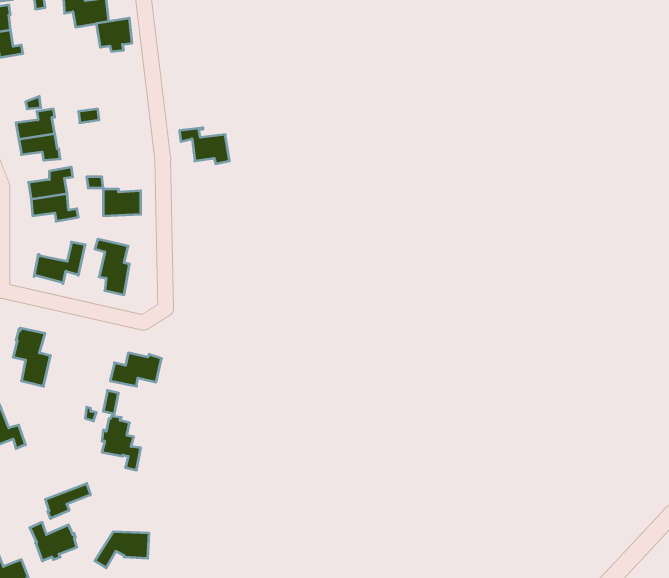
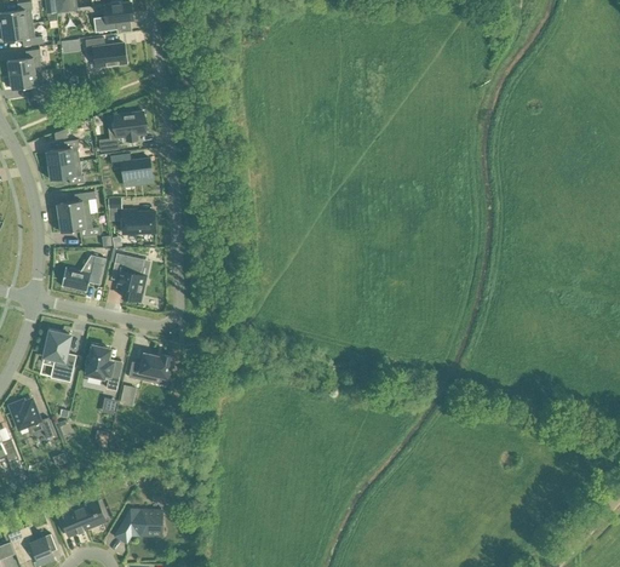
building: [96,18,132,51] -> [113,111,144,141]
building: [180,128,229,164] -> [109,153,153,184]
building: [102,416,141,470] -> [85,343,119,390]
building: [45,483,90,519] -> none

